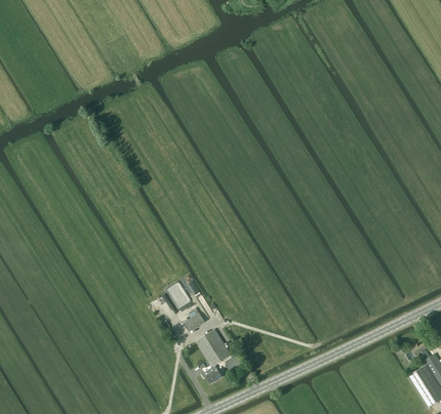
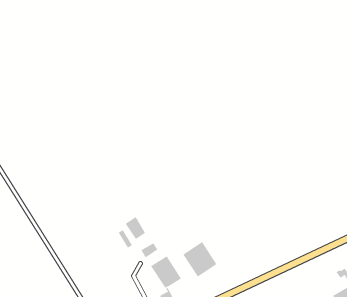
building: none -> [183,241,217,277]

